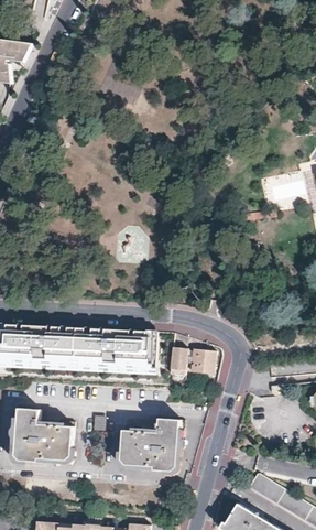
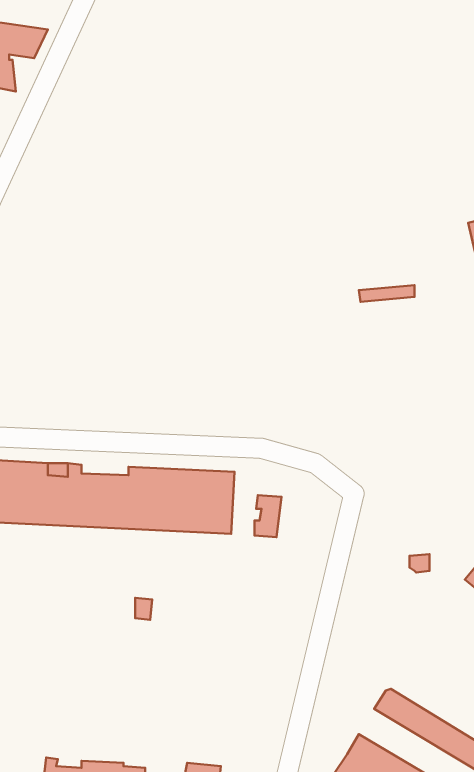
building: [190,348,215,374] -> none
building: [11,407,72,461] -> none
building: [120,414,183,468] -> none

